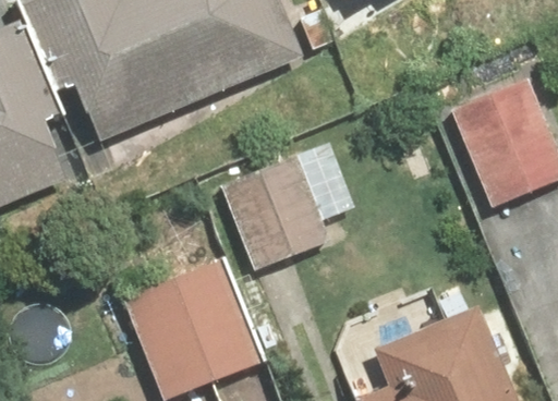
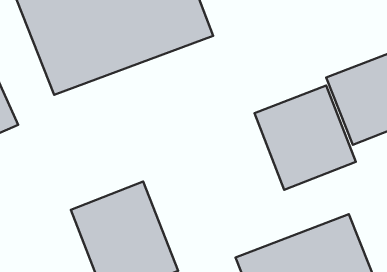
building: none -> [255,86,356,190]
building: [213,142,341,270] -> none

